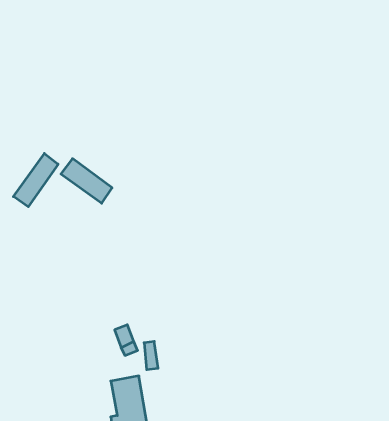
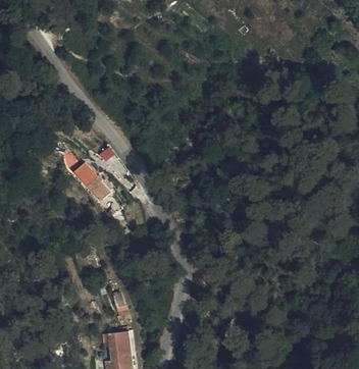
building: [13,153,58,207] -> none

